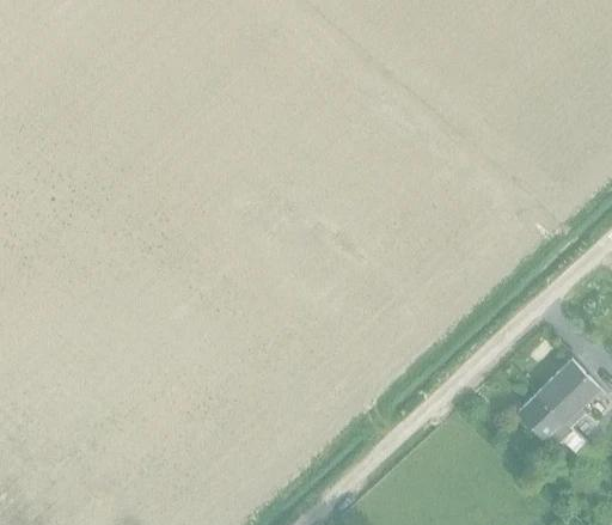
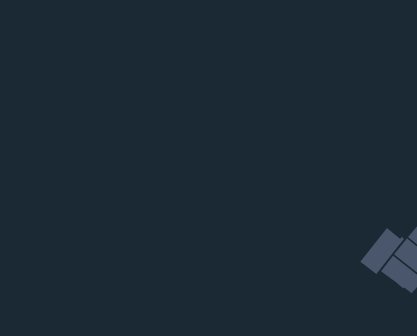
building: none -> [359,227,405,275]

